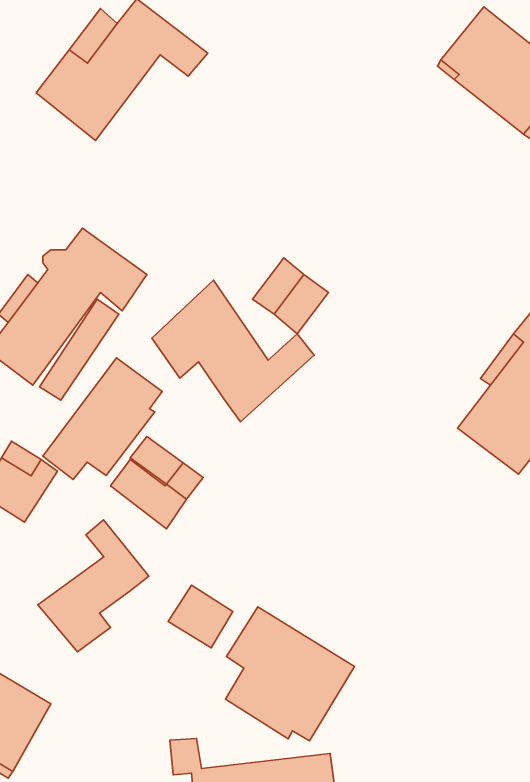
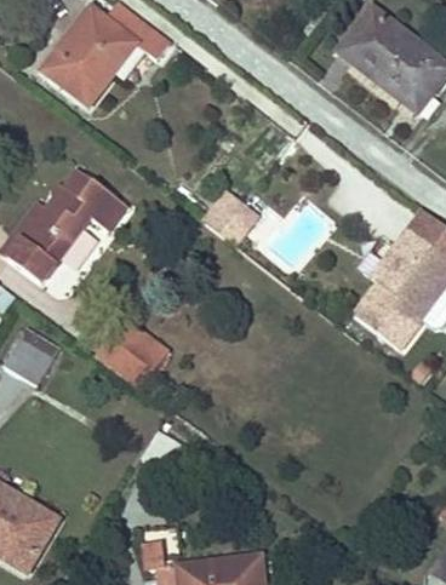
building: [152,280,314,422] -> none
building: [43,358,162,480] -> none
building: [38,520,149,652] -> none
building: [226,607,355,741] -> none

